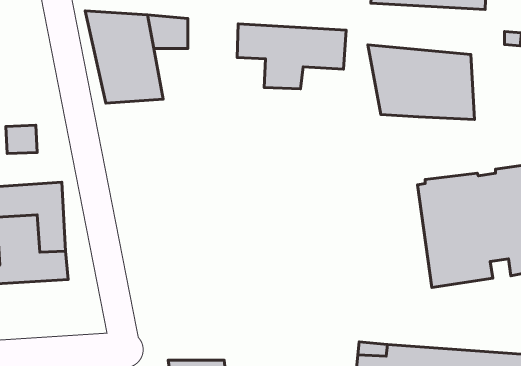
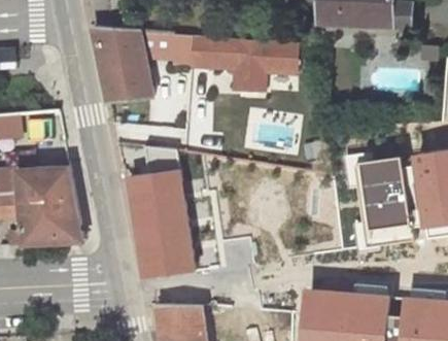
building: none -> [173,34,213,67]
building: [368,45,475,119] -> none
building: none -> [130,169,195,278]

